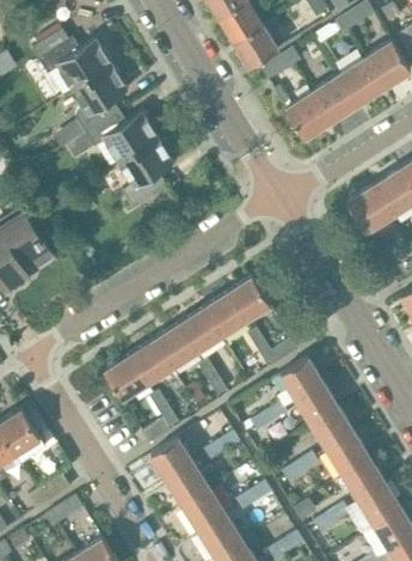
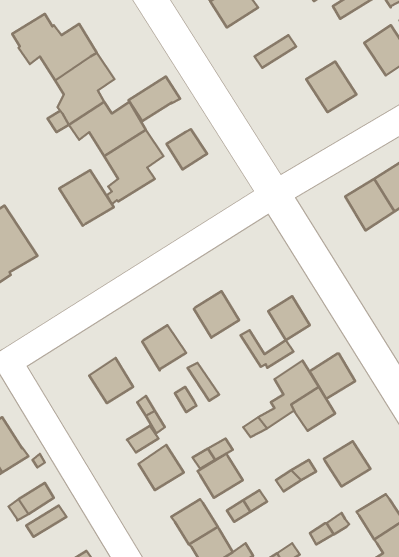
building: [234,23,279,67] -> none
building: [337,56,385,105] -> none
building: [284,86,330,139] -> none
building: none -> [128,77,180,121]
building: none -> [167,129,207,170]
building: none -> [59,170,114,226]
building: [229,278,269,319] -> [268,296,310,340]
building: [178,309,220,350] -> none
building: [129,340,171,383] -> none
building: [310,408,353,451] -> [310,354,355,399]
building: [343,461,385,501] -> none
building: [166,464,209,506] -> [197,454,243,498]

